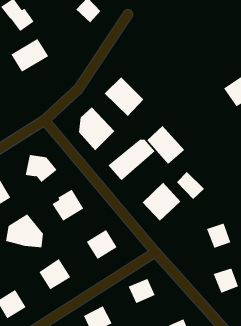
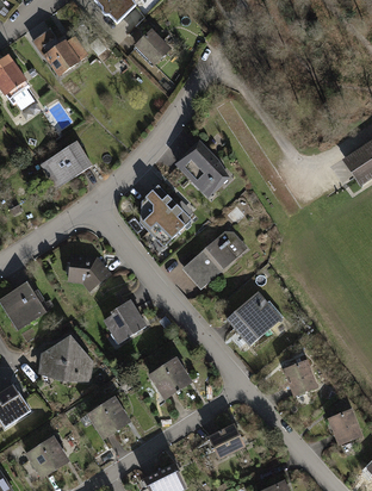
building: [10,38,49,73] -> [39,143,93,191]
building: [146,125,185,165] -> none
building: [176,171,205,200] -> none
building: [206,223,231,249] -> [284,359,318,394]

